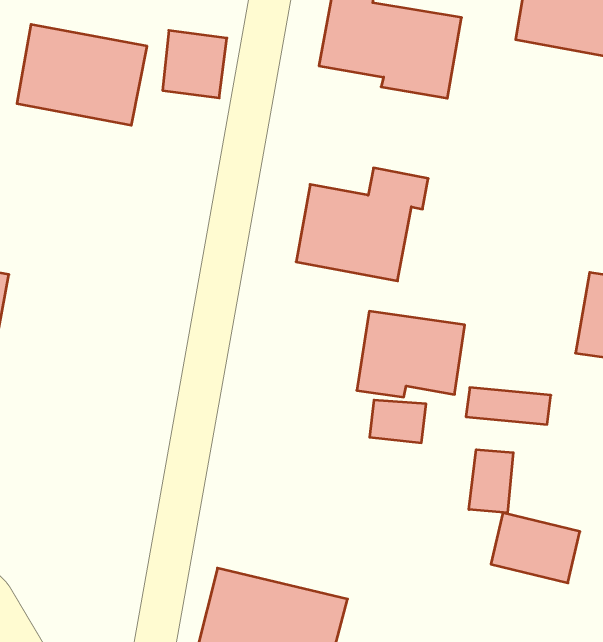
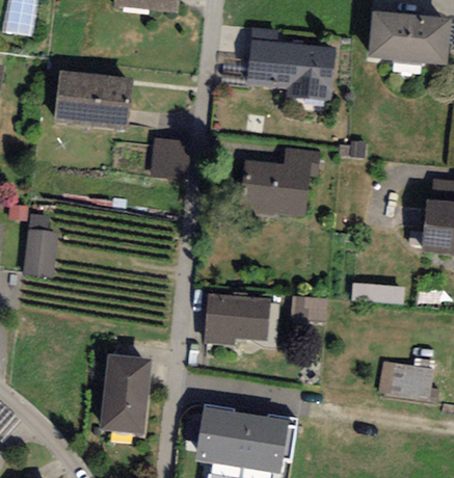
building: [163,30,227,98] -> [154,136,192,177]
building: [357,311,465,397] -> [204,293,269,346]
building: [469,450,513,513] -> none
building: none -> [99,355,151,433]

